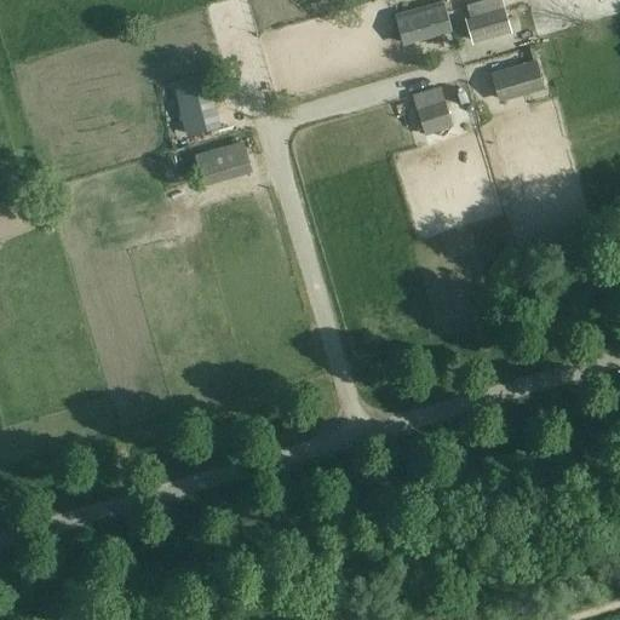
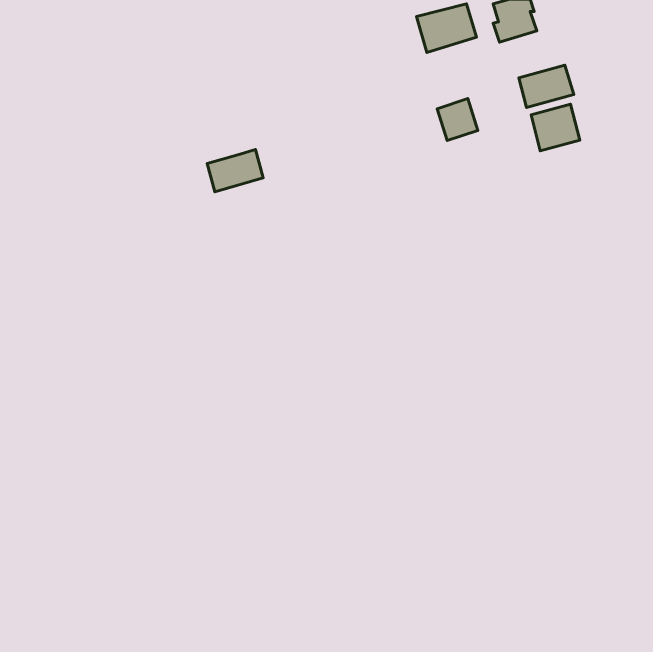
building: [177,82,218,133] -> none
building: none -> [531,104,580,151]

